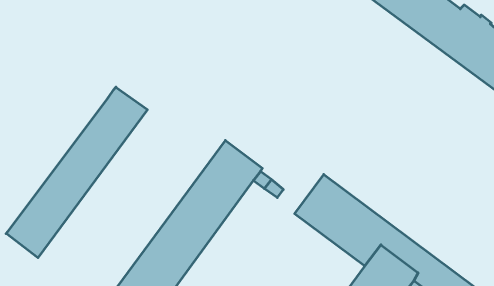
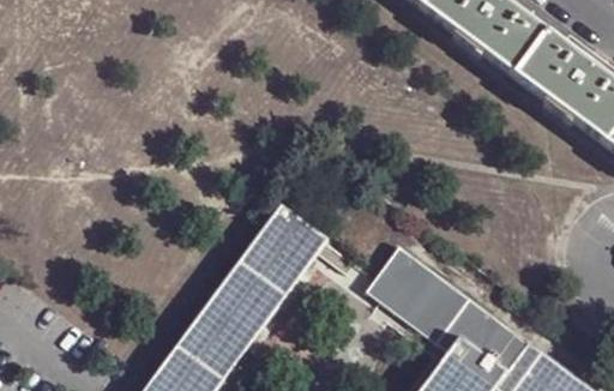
building: [6,87,147,258] -> none

